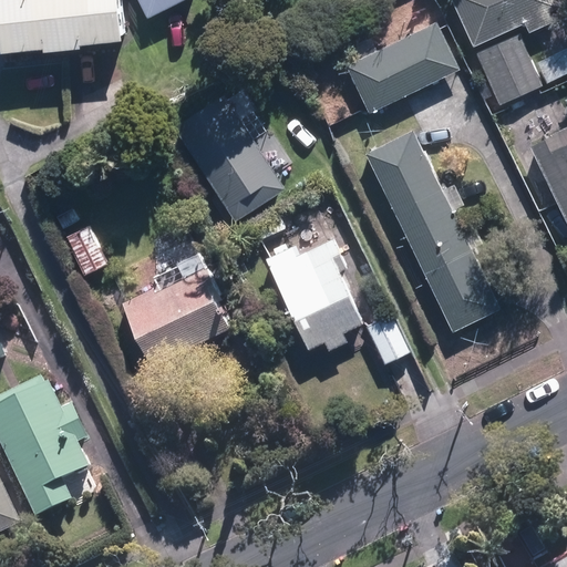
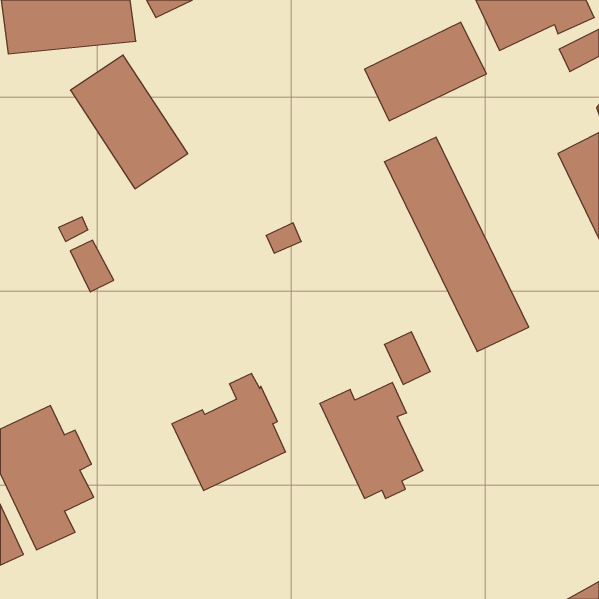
building: [476,34,542,106] -> none
building: [174,94,285,220] -> [70,55,188,189]
building: [265,238,362,348] -> [320,382,423,498]
building: [120,254,227,364] -> [172,373,286,491]

